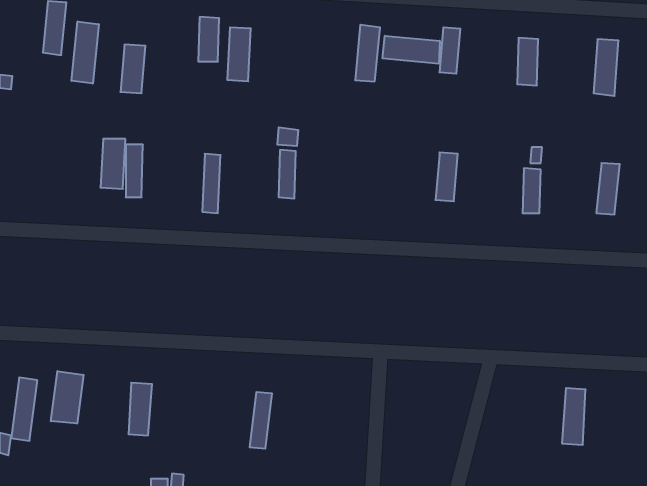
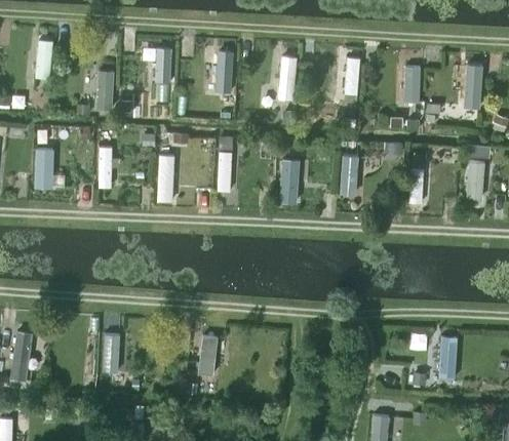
building: [72,21,99,84] -> none
building: [227,27,251,81] -> [216,52,234,94]
building: [383,36,440,64] -> none
building: [100,139,125,189] -> [35,151,54,190]
building: none -> [280,160,300,205]
building: [51,371,83,424] -> none

